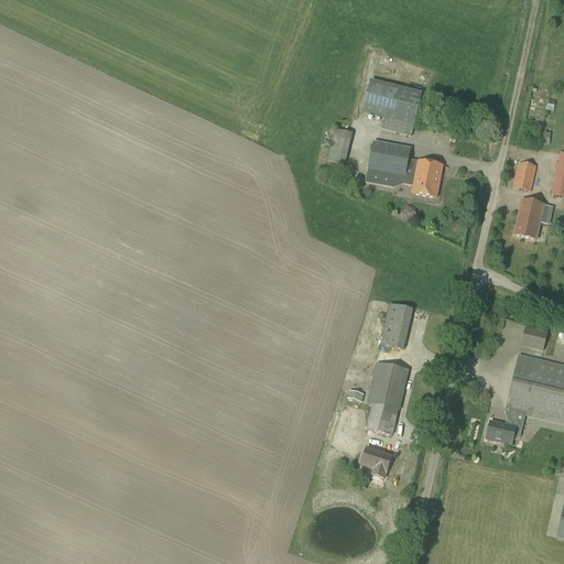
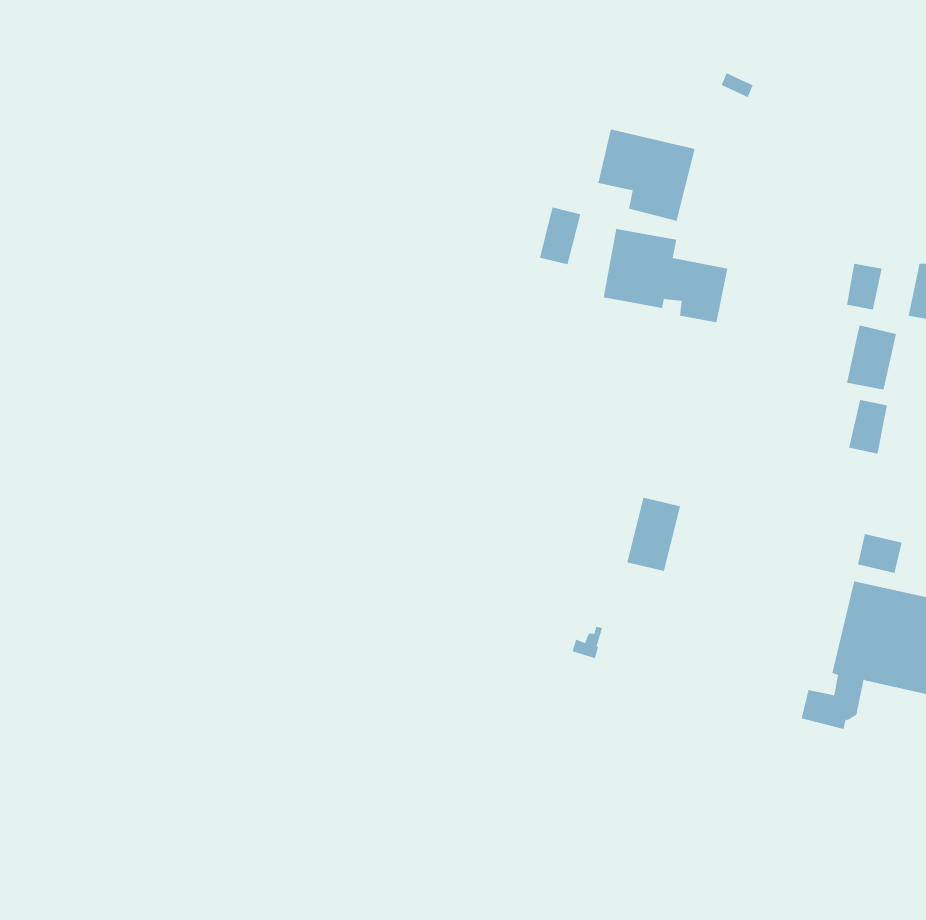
building: none -> [848,399,888,454]
building: [367,360,410,434] -> none
building: [361,445,393,477] -> none

